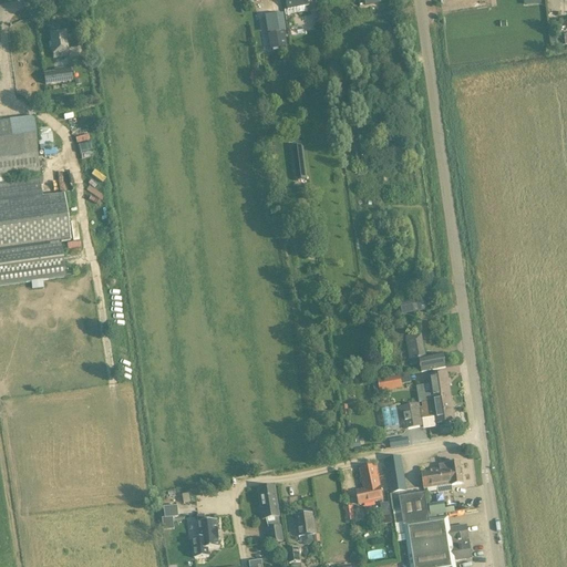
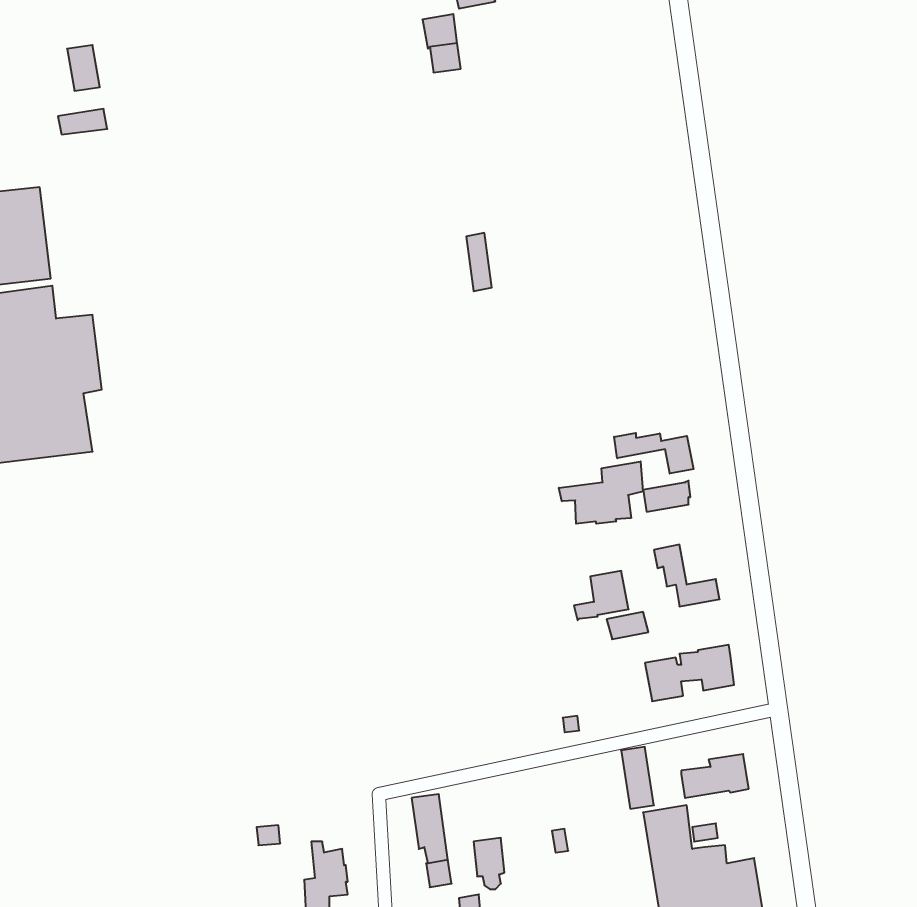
building: none -> [614,433,694,474]
building: none -> [559,461,643,524]
building: [416,369,450,399] -> [574,571,629,620]
building: [354,463,380,501] -> none

